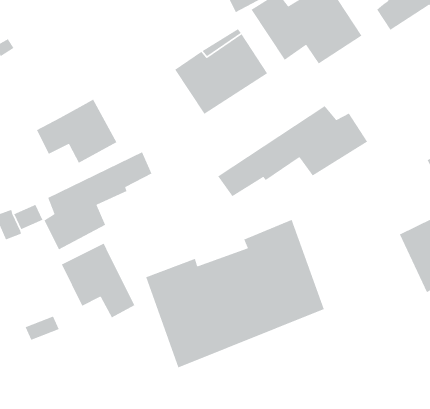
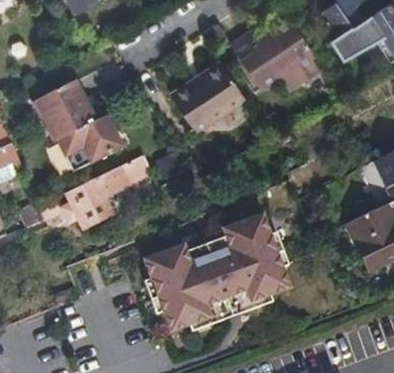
building: none -> [36,81,95,139]
building: [217,105,368,197] -> none
building: [61,243,136,318] -> none

